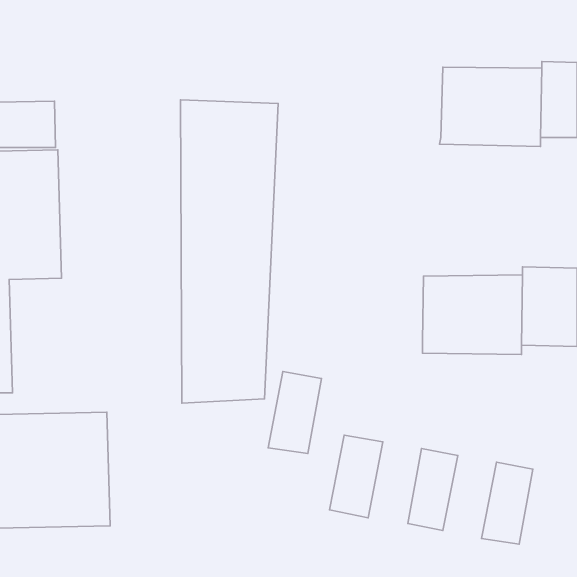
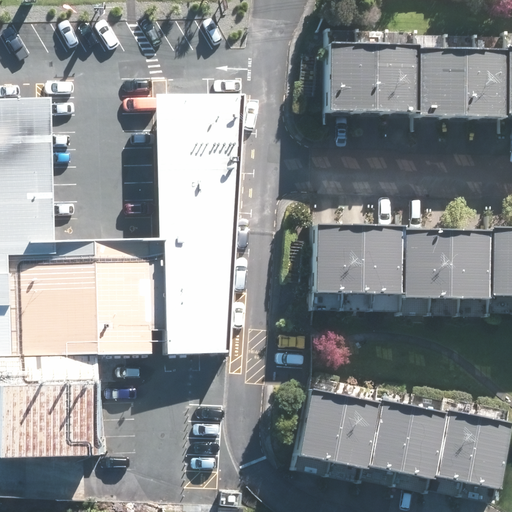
building: none -> [301,52,390,121]
building: none -> [288,231,373,300]
building: none -> [15,250,153,353]
building: [268,372,321,453] -> [324,389,371,461]
building: none -> [390,401,437,474]
building: none -> [457,413,502,485]

